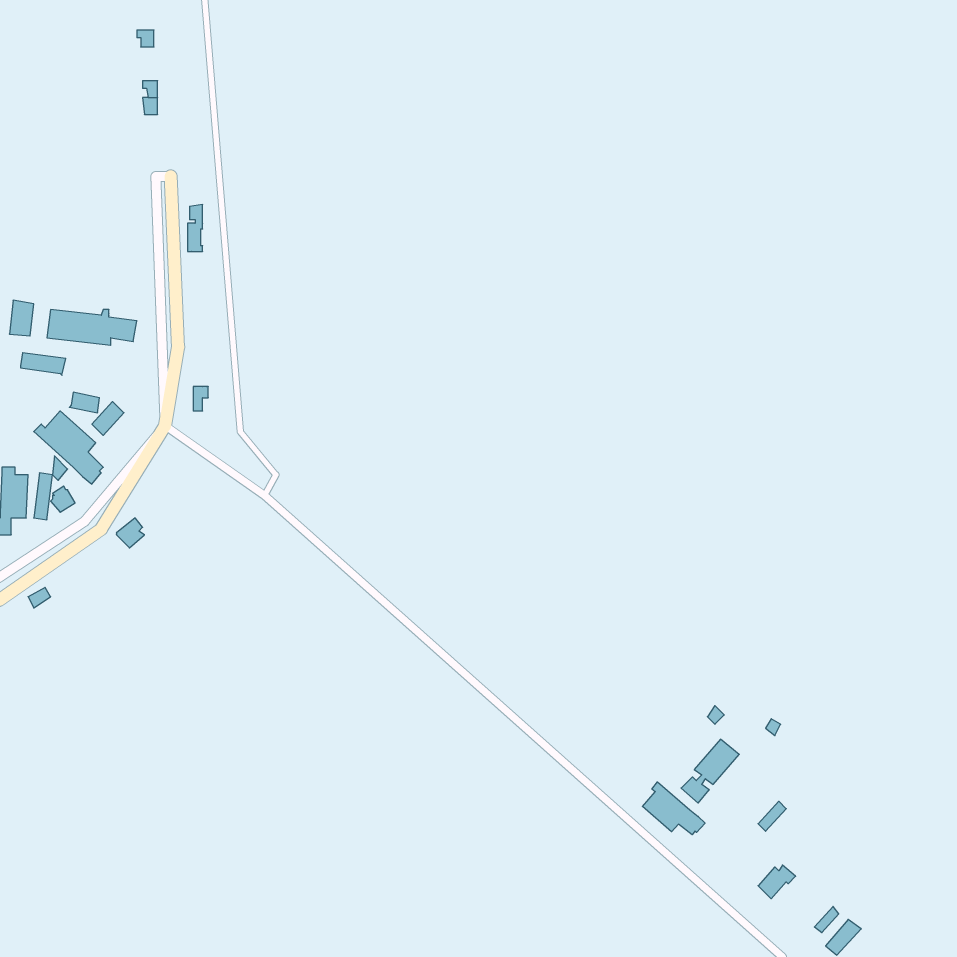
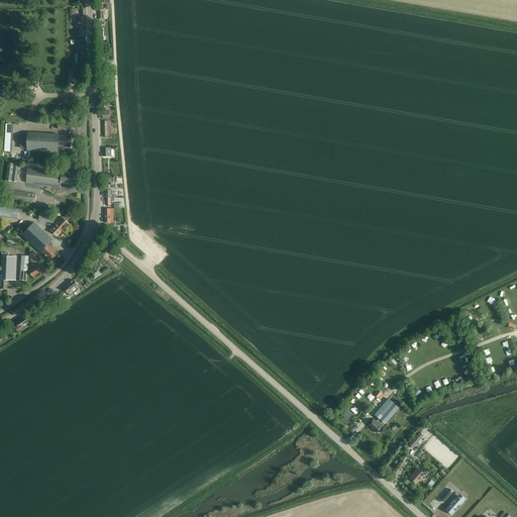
building: none -> [25,131,71,151]
building: [642,782,705,835] -> none

